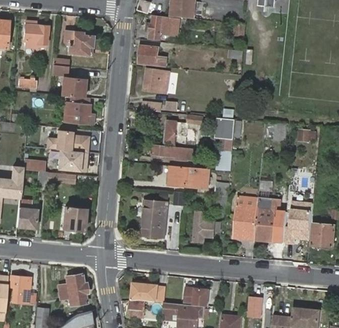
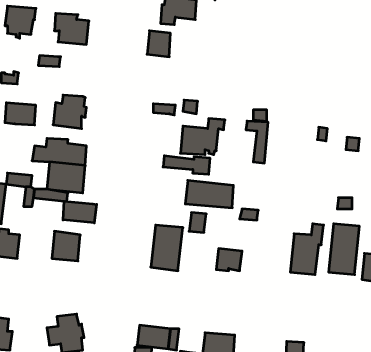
building: [144,68,168,92] -> none
building: [62,79,87,97] -> [5,103,36,125]
building: none -> [63,201,97,223]
building: [234,197,258,239] -> none

